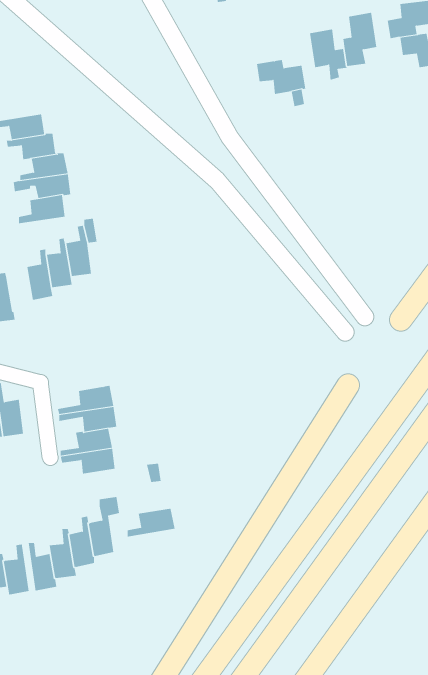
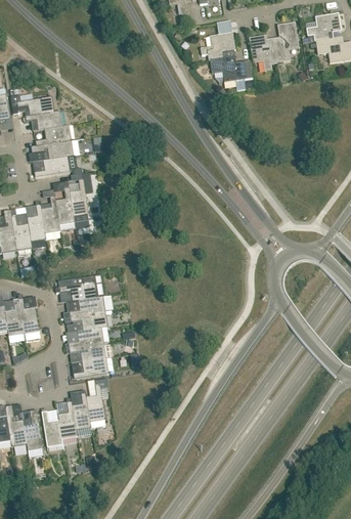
building: none -> [200,32,234,59]
building: none -> [27,204,47,242]
building: none -> [55,275,97,301]
building: [127,508,175,537] -> [74,357,109,379]

